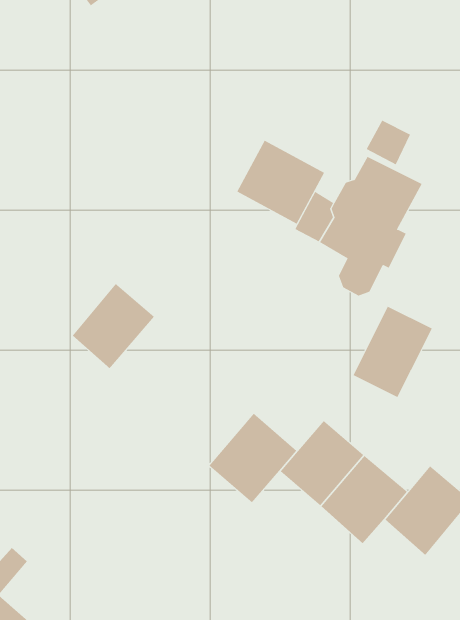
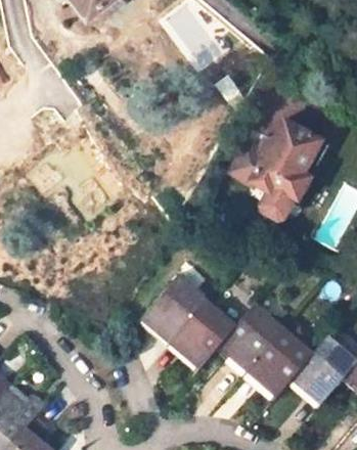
building: [237,140,325,224] -> none
building: [72,283,155,369] -> [144,278,203,339]
building: [353,306,432,398] -> none

